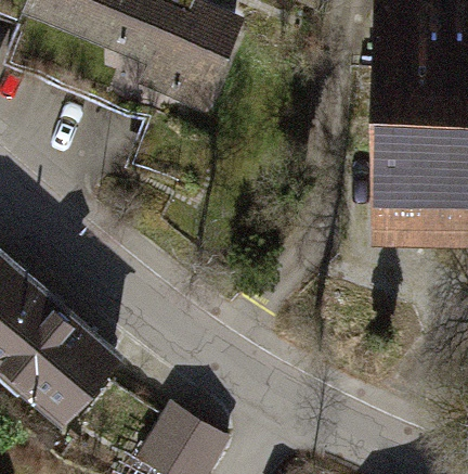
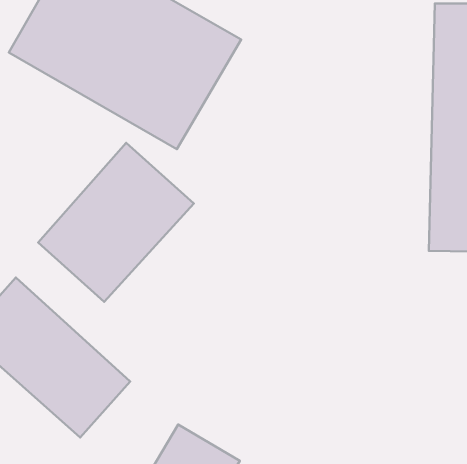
building: none -> [38,143,194,302]

